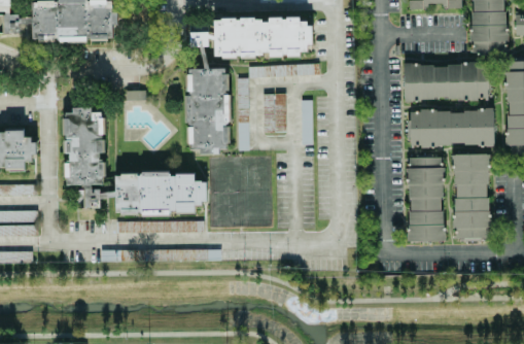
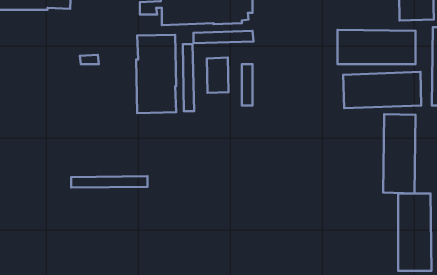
building: [66,109,207,213] -> none
building: [408,158,444,241] -> [398,193,431,271]

